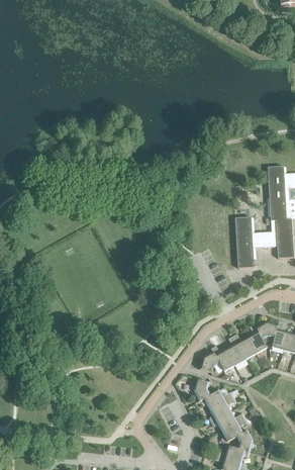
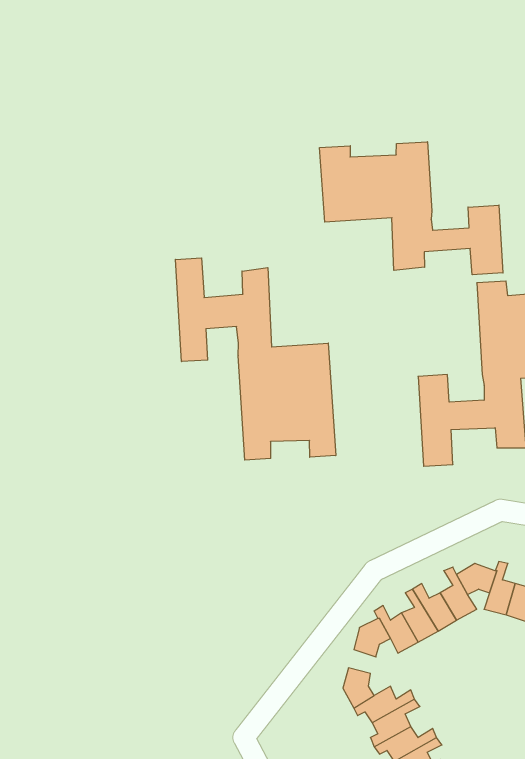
building: none -> [320,142,503,275]
building: none -> [175,258,336,460]

